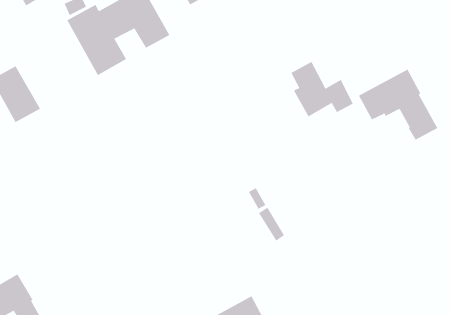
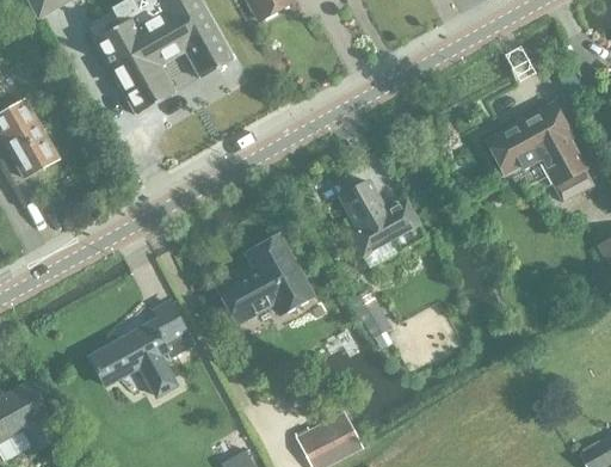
building: [290,61,353,117] -> [338,179,422,254]
building: none -> [216,234,313,326]
building: none -> [90,301,192,394]

